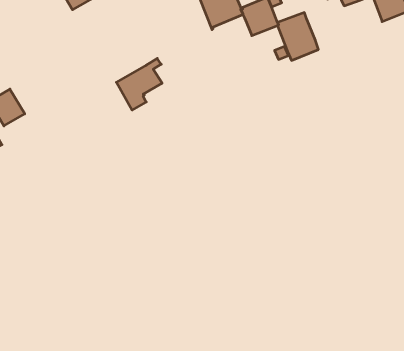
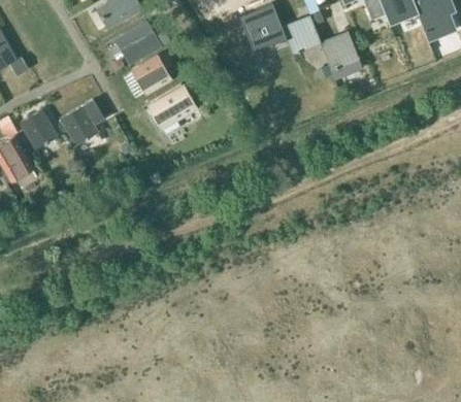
building: none -> [113,23,169,66]
building: none -> [133,54,171,92]
building: none -> [60,99,104,145]

